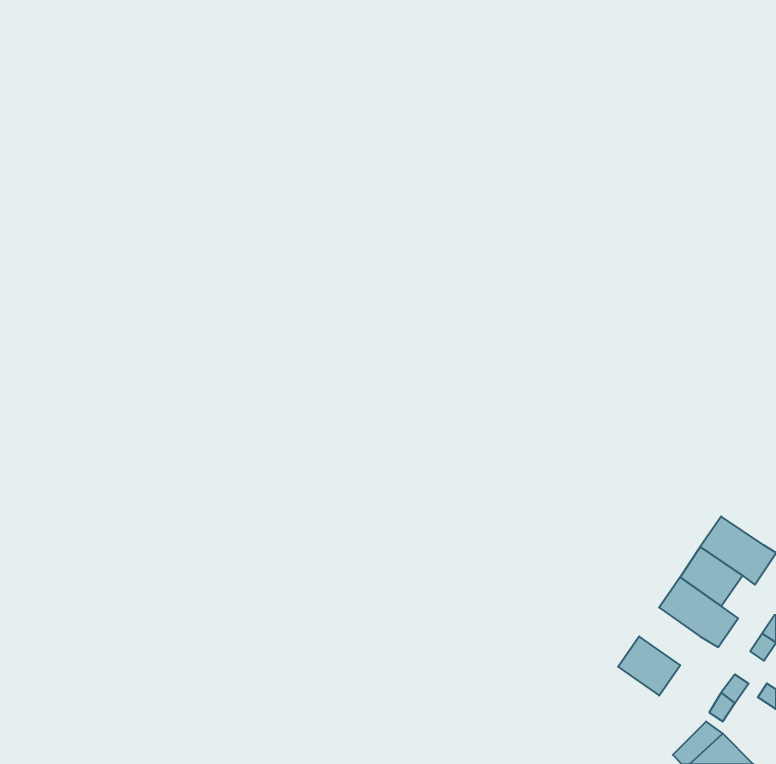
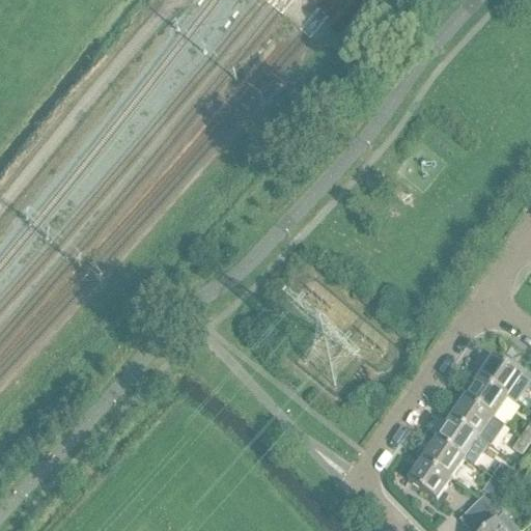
building: none -> [437,415,488,462]
building: none -> [408,455,450,496]

